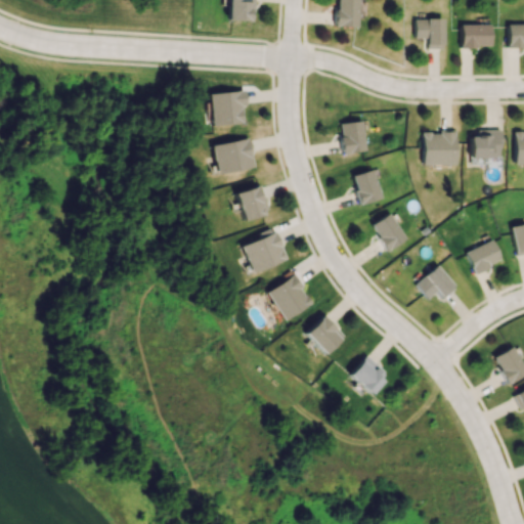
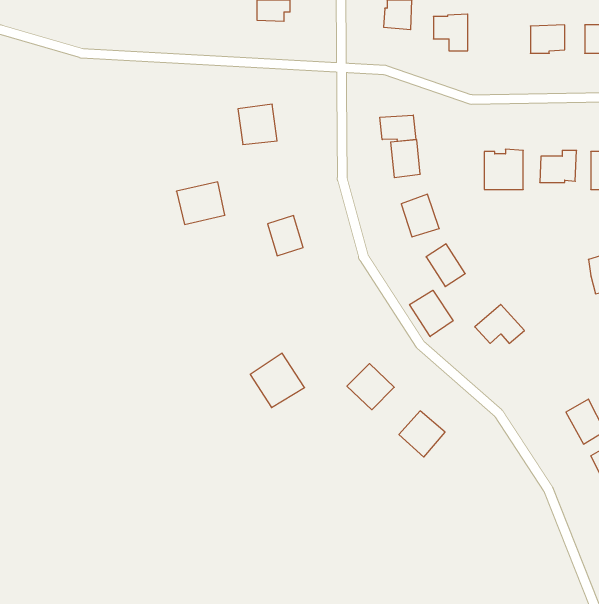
building: [417,16,446,48] -> [433,14,468,51]
building: none -> [380,115,416,141]
building: [214,138,256,175] -> [176,182,225,224]
building: [243,232,289,275] -> none
building: [466,237,504,273] -> none
building: none -> [410,290,453,337]
building: [268,274,315,321] -> [250,353,305,408]

